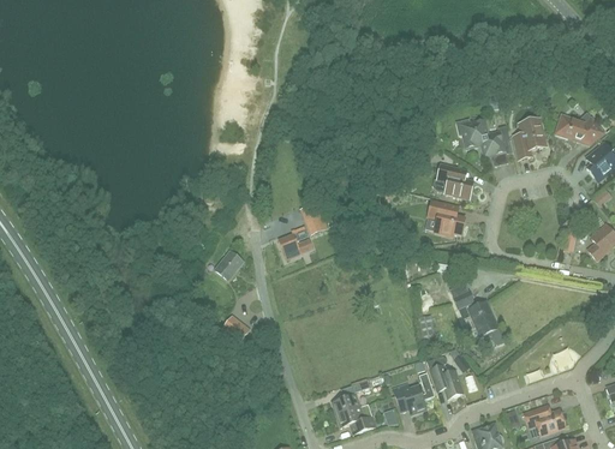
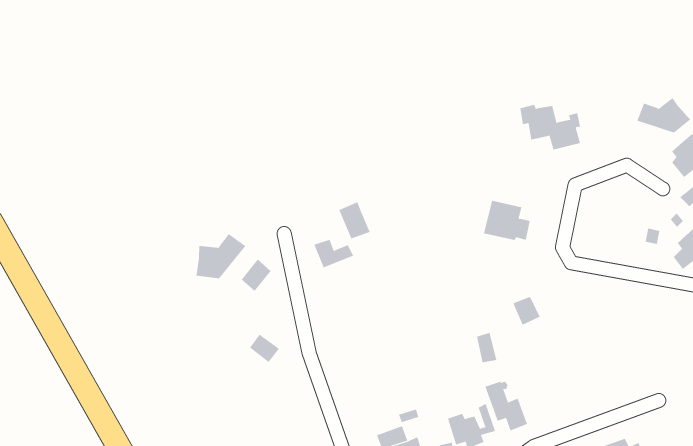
building: [513,118,545,158] -> none
building: [436,163,473,198] -> none
building: none -> [196,233,246,279]
building: [467,300,503,346] -> none

